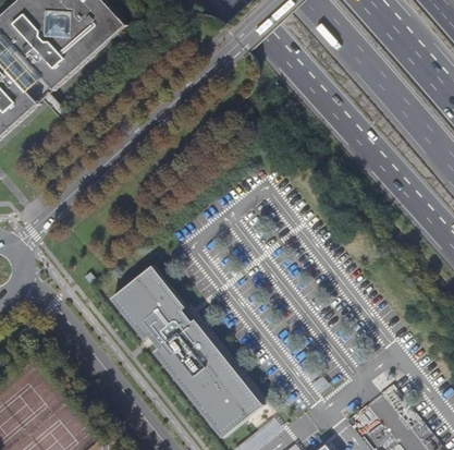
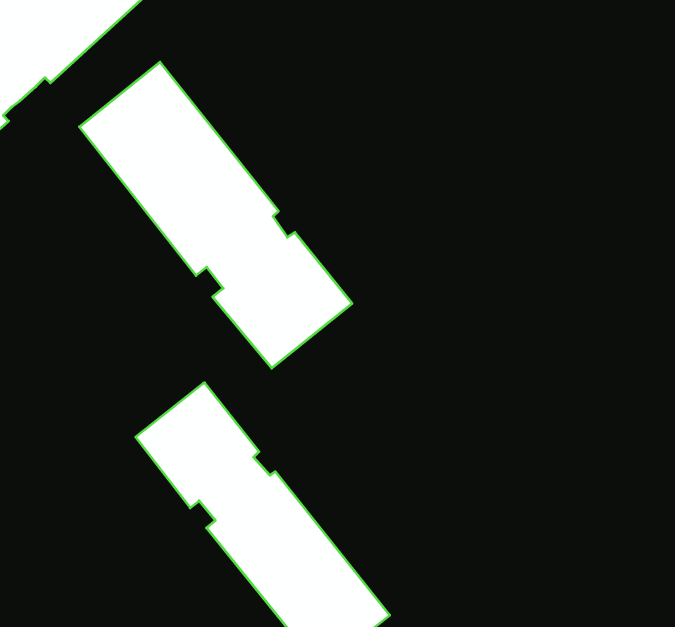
building: none -> [79,62,352,368]

